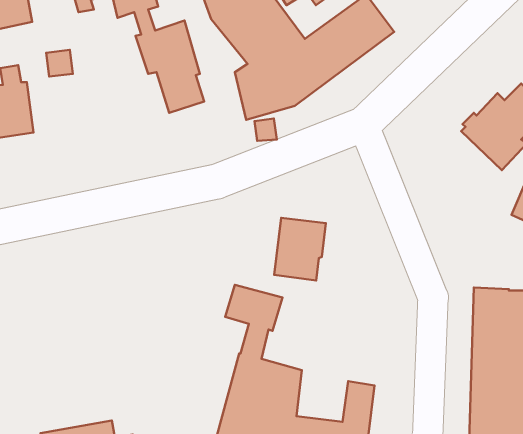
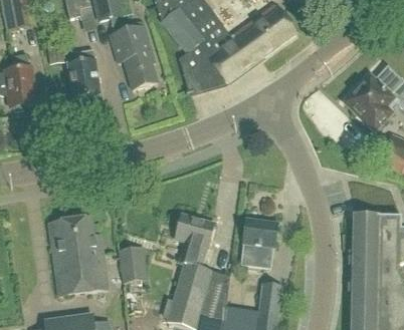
building: none -> [68,49,100,98]
building: [274,218,326,281] -> [240,218,277,263]
building: none -> [48,218,110,296]
building: none -> [119,246,159,281]

